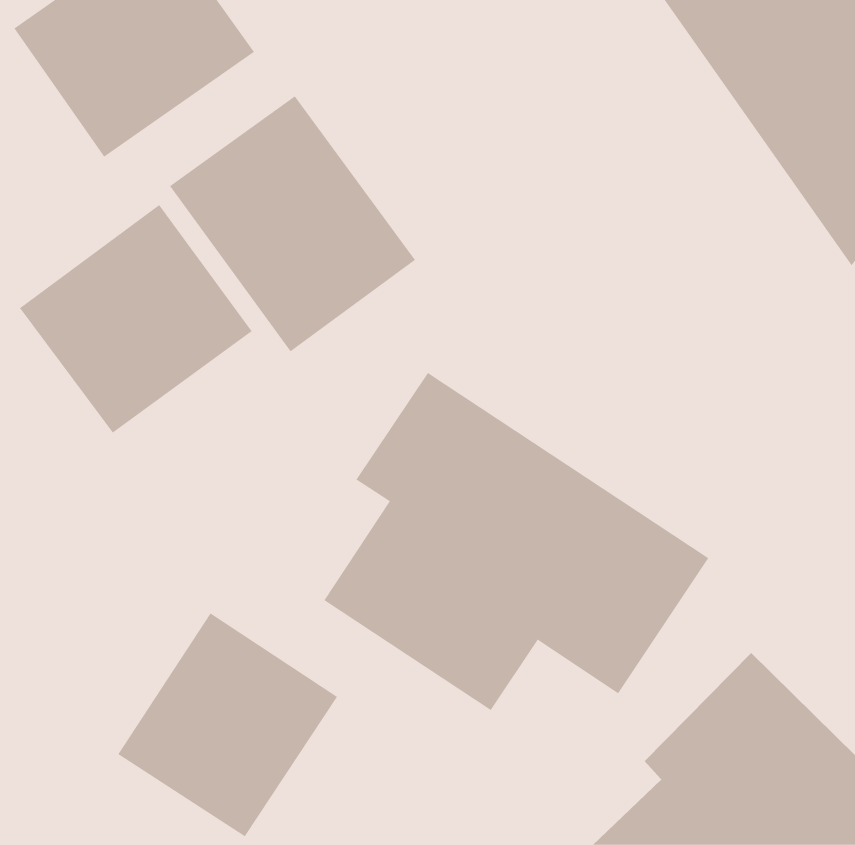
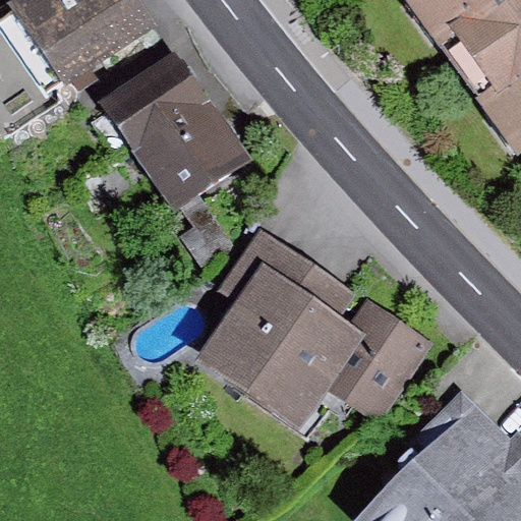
building: [19,204,252,434] -> none
building: [118,612,338,837] -> none

